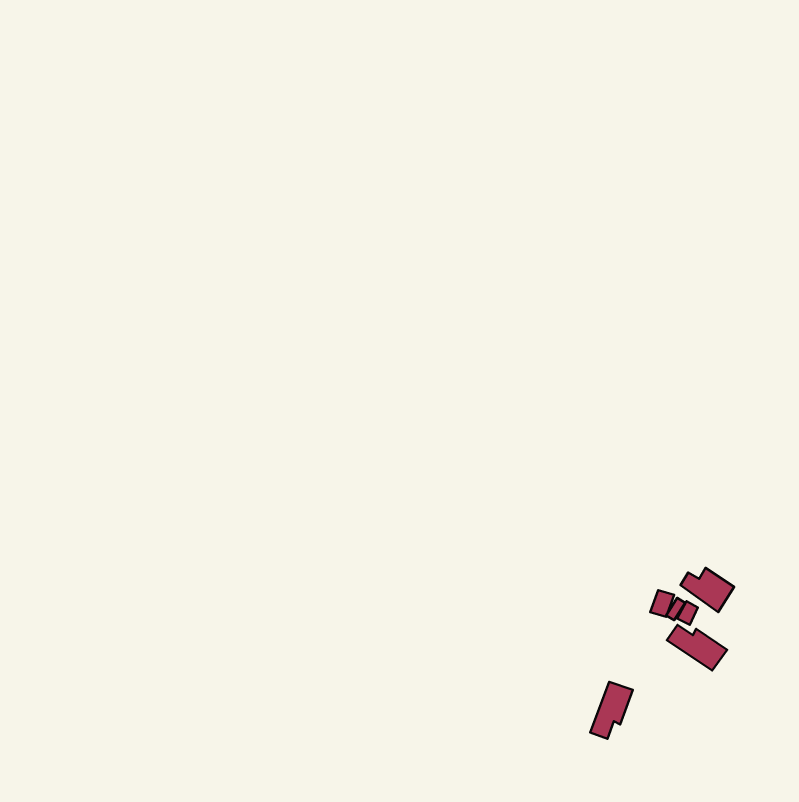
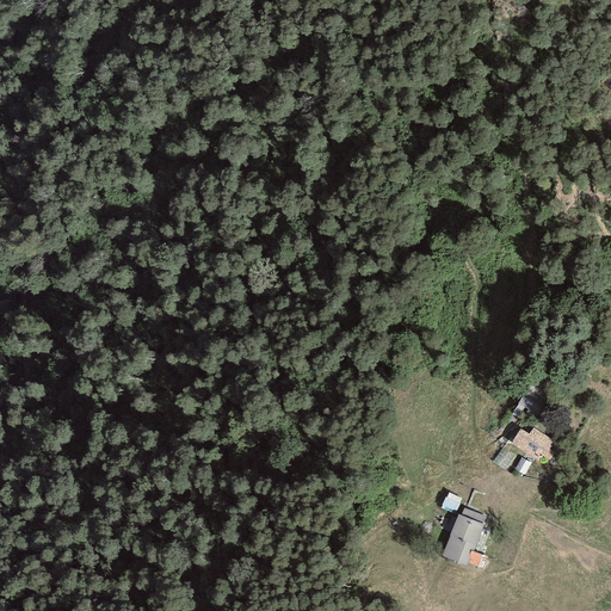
building: [667,625,727,671] -> none

